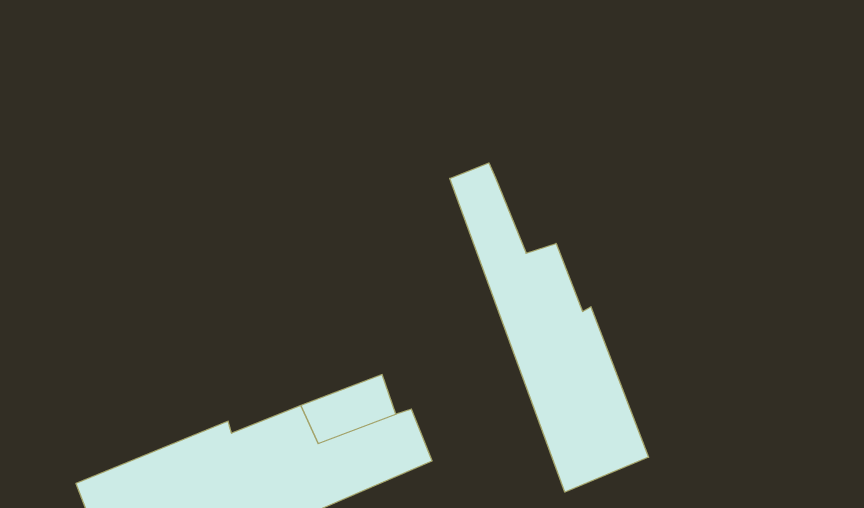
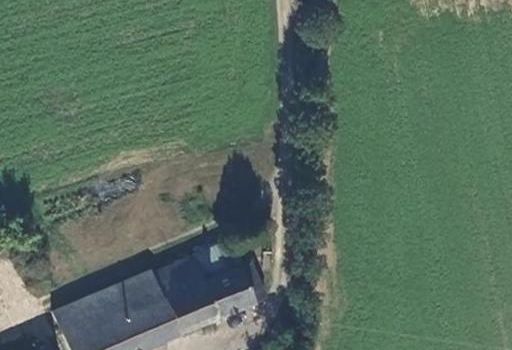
building: [450,163,649,492] -> none

